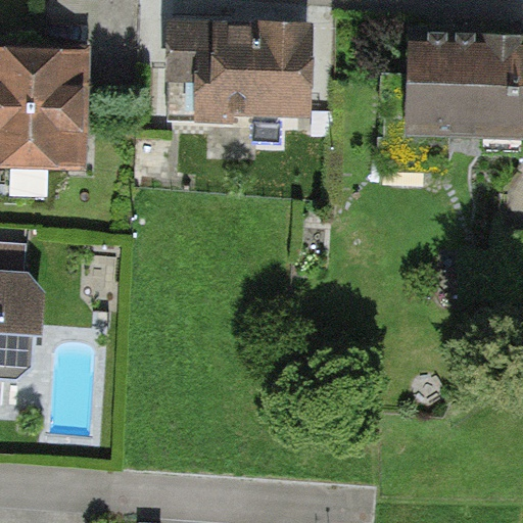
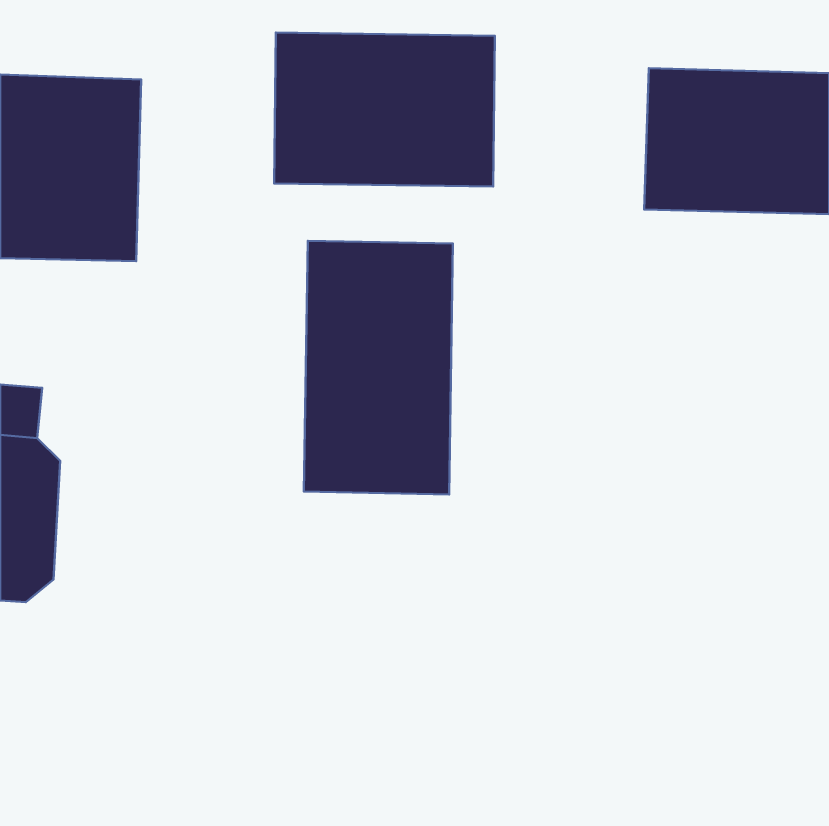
building: none -> [304,241,453,494]

